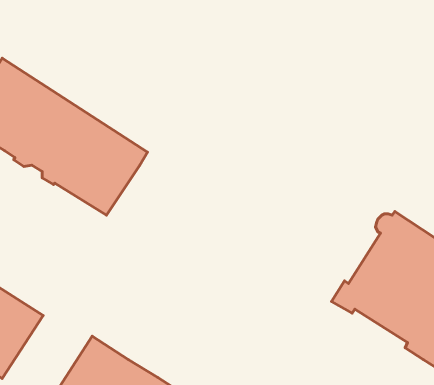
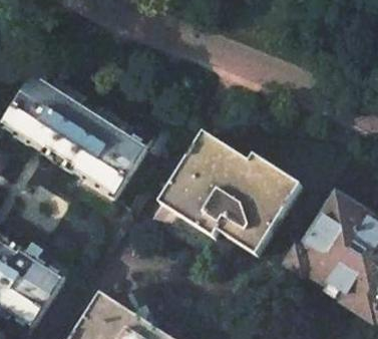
building: none -> [157,139,294,253]

